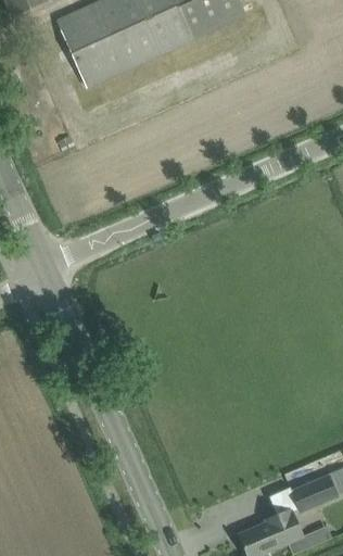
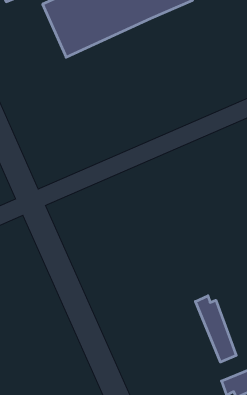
building: none -> [195,296,236,362]

